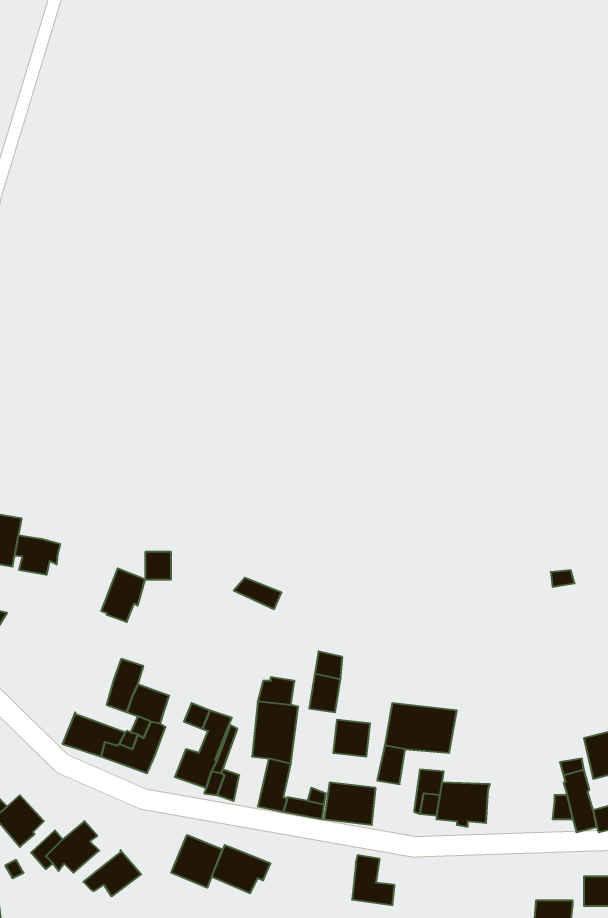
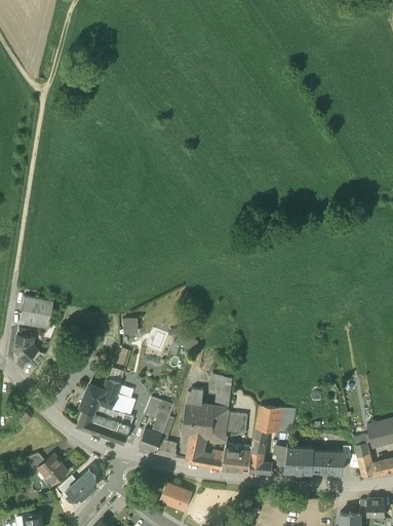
building: [15,535,60,575] -> none
building: [101,568,145,622] -> [80,383,105,413]
building: none -> [203,405,228,442]
building: none -> [312,451,344,471]
building: [171,835,222,888] -> none
building: [83,850,141,896] -> none
building: [352,855,394,905] -> [248,446,272,474]

